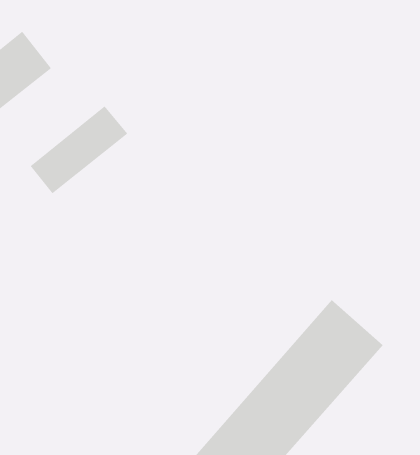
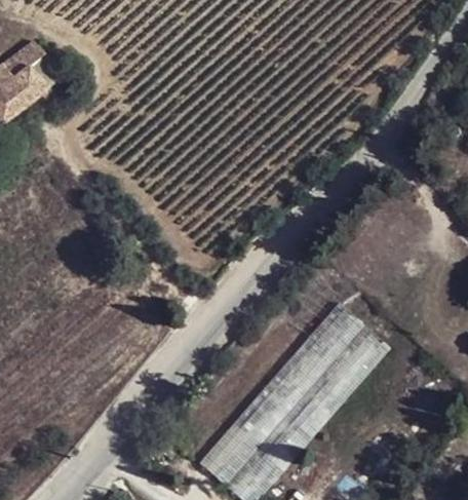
building: [30,105,128,194] -> none

